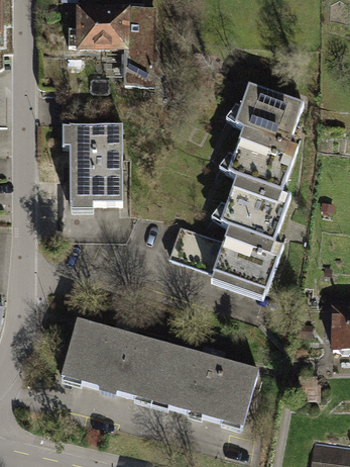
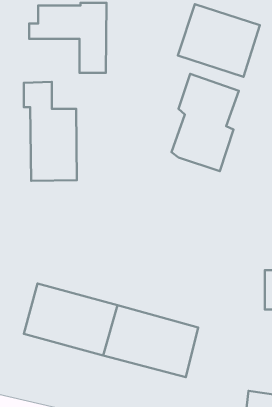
building: none -> [178,4,260,77]
building: [169,179,290,292] -> none

